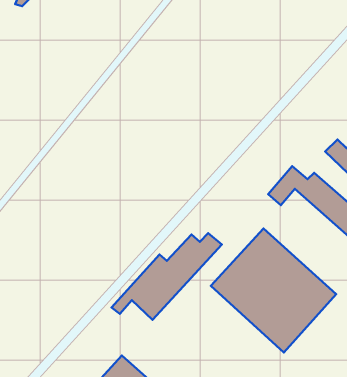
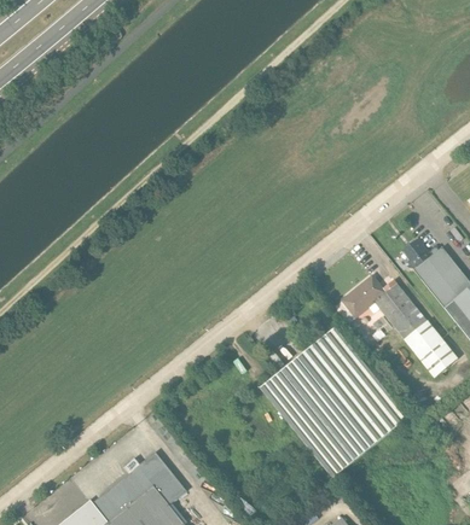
building: [111,233,222,320] -> none

